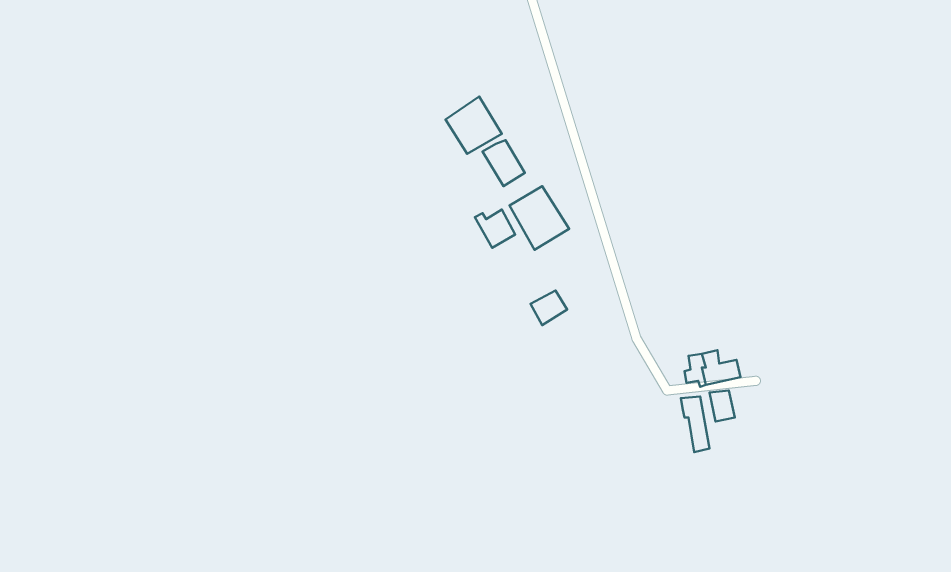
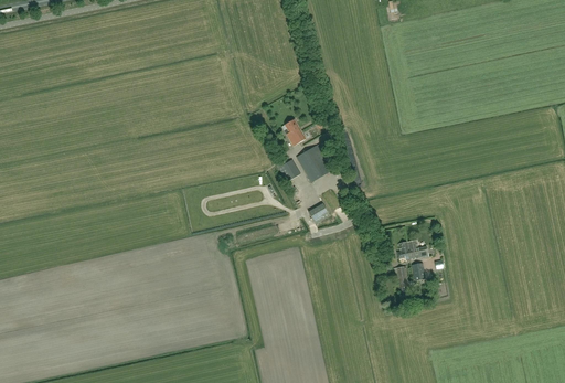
building: [446,97,502,154] -> none

